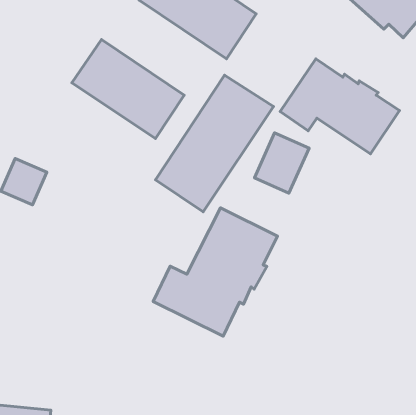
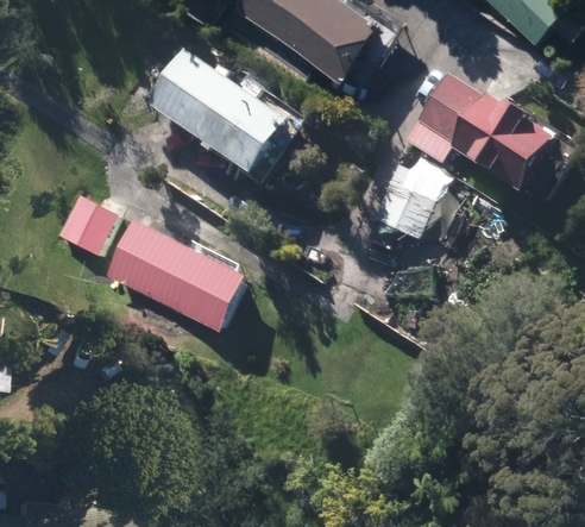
building: [155,75,273,212] -> none
building: none -> [109,222,245,330]
building: [153,208,277,336] -> none

